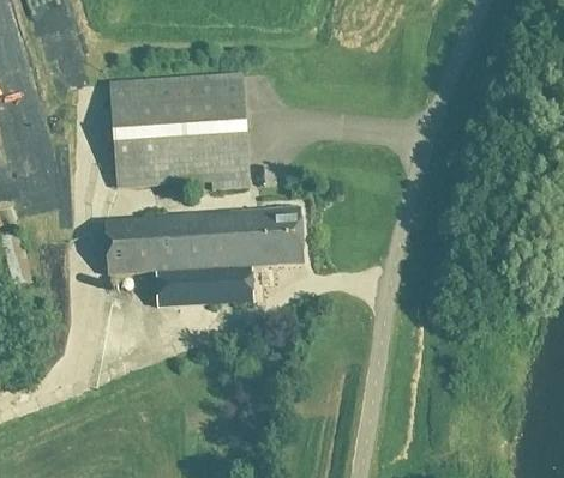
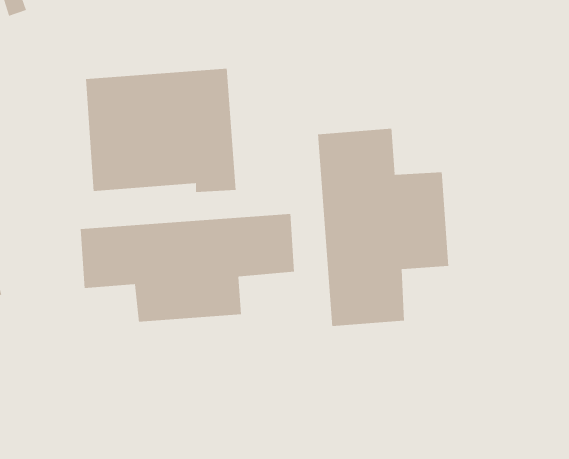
building: none -> [318,128,449,327]

